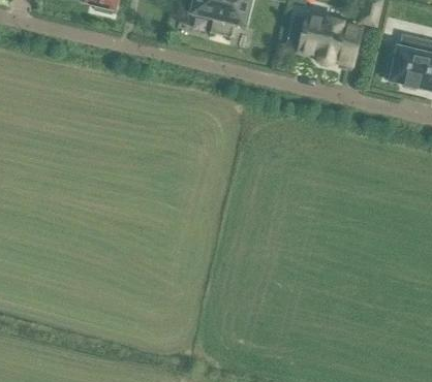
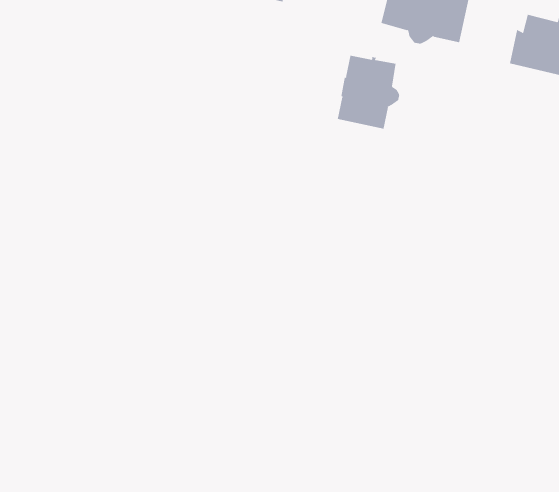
building: none -> [337,55,400,129]

